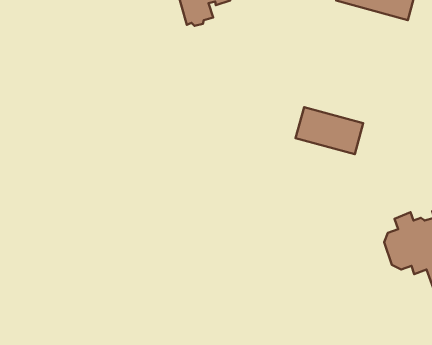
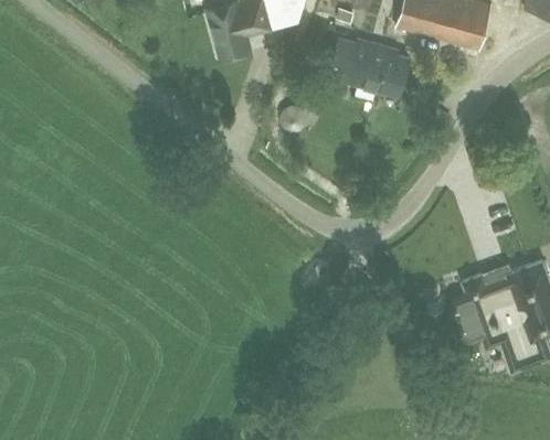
building: [296,107,363,154] -> [329,37,409,93]

